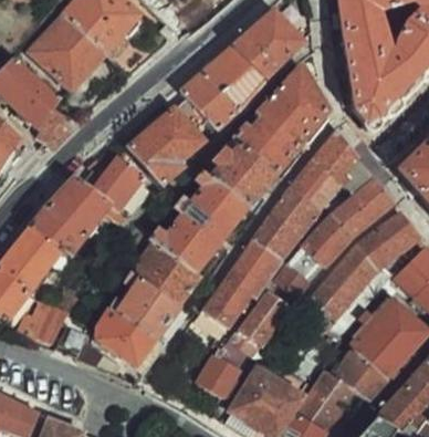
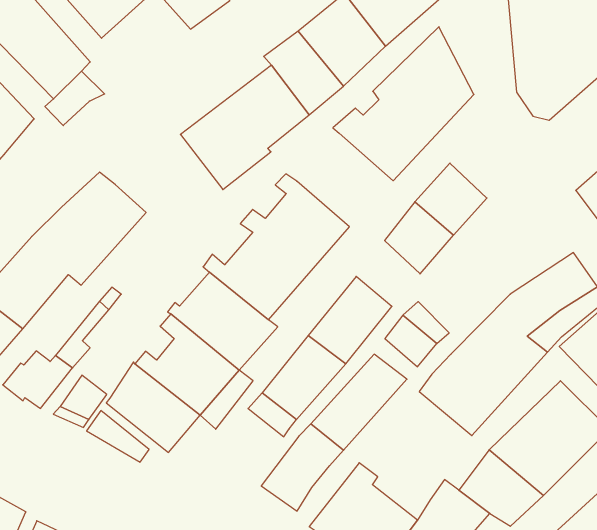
building: [312,127,356,178] -> none
building: [209,141,274,204] -> none
building: [86,156,147,212] -> none
building: [302,177,391,264] -> none
building: [253,211,296,256] -> none

